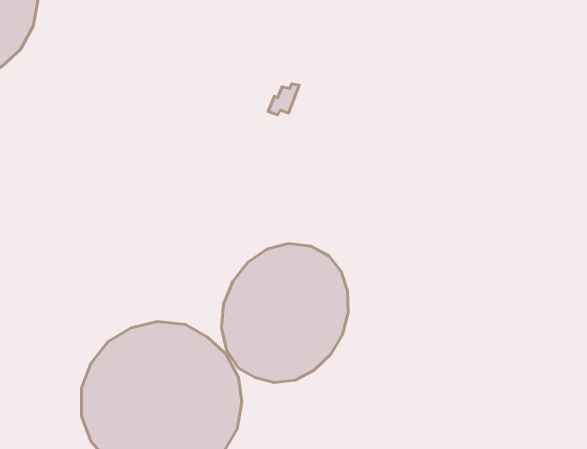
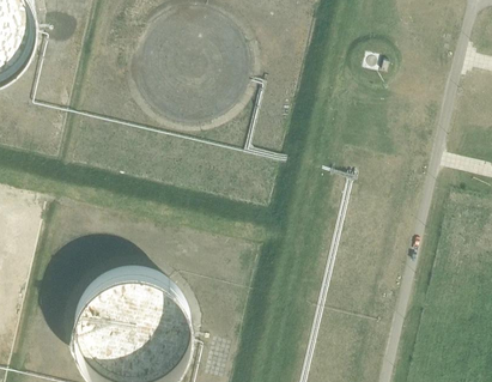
building: [222,243,348,383] -> none

